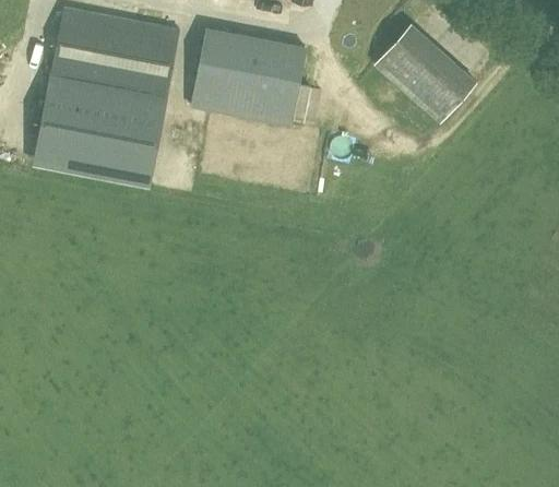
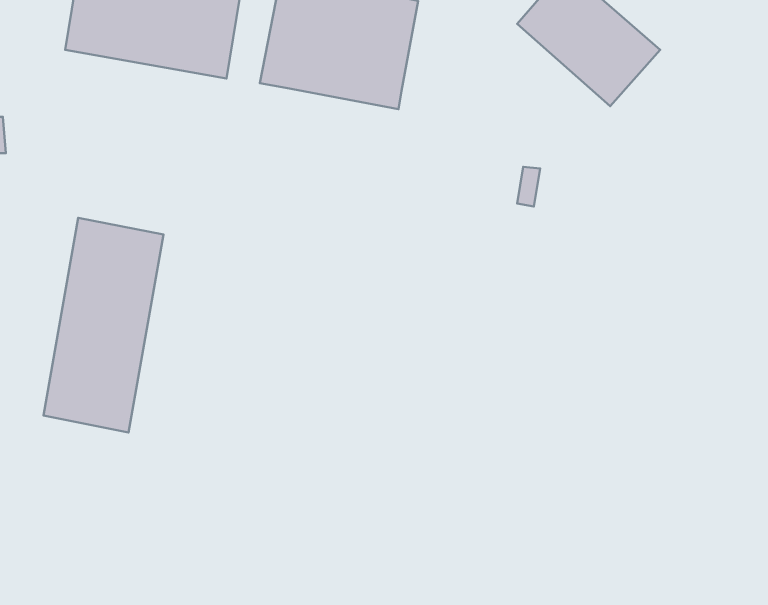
building: [36,82,166,182] -> none
building: none -> [43,218,163,432]

